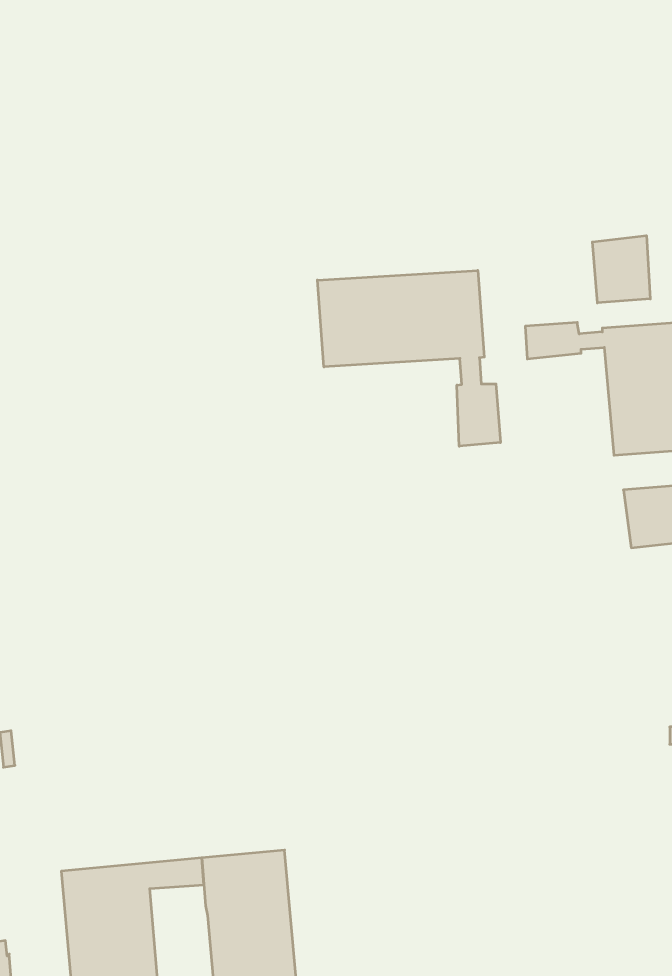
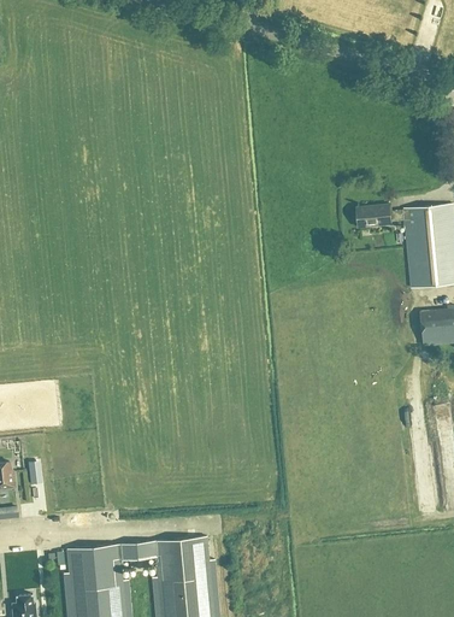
building: [592,236,650,303] -> none
building: [317,270,500,446] -> none

